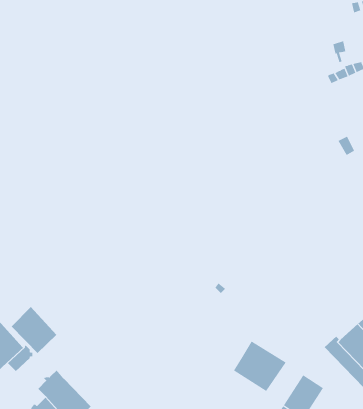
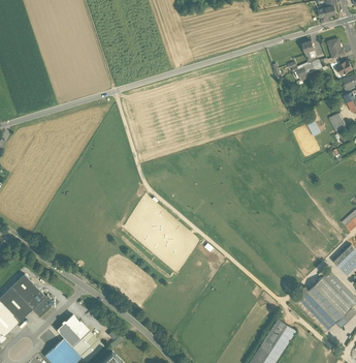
building: [10,306,57,354] -> none
building: [233,340,286,392] -> none

